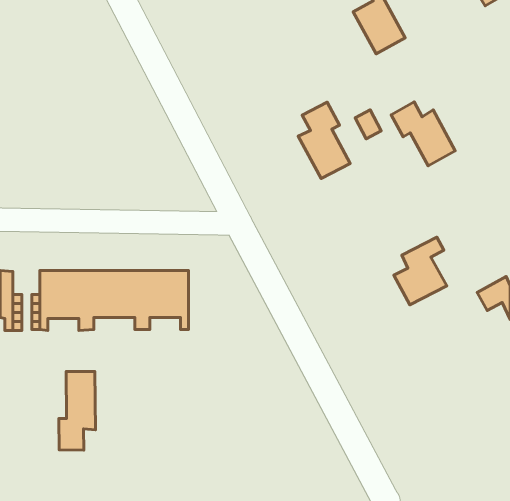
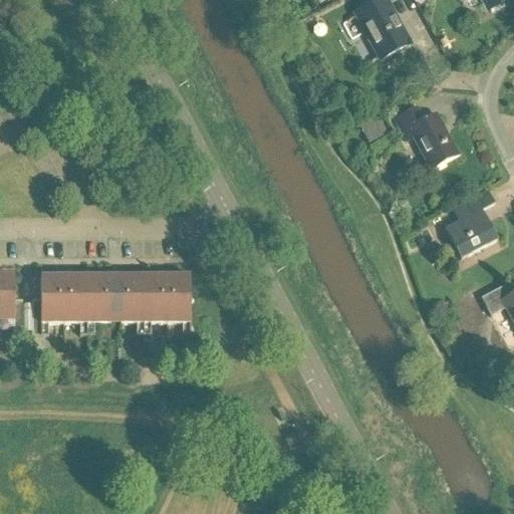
building: [298,102,350,179] -> none
building: [394,237,447,305] -> [444,187,497,255]
building: [59,372,96,450] -> none

